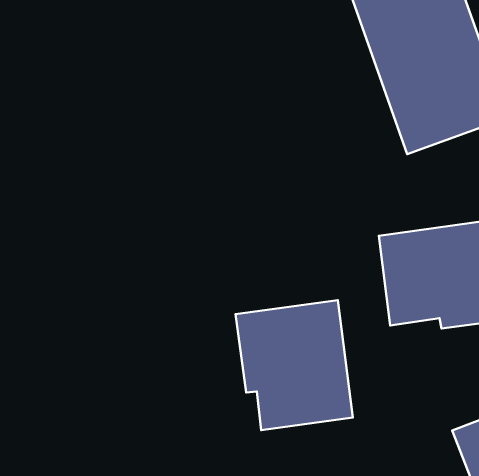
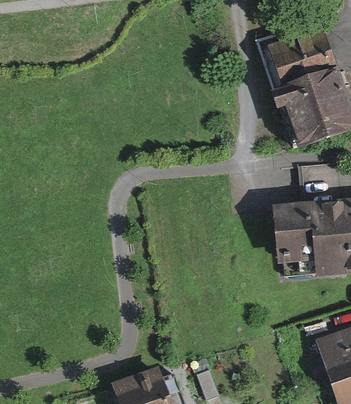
building: [235,300,353,430] -> none

